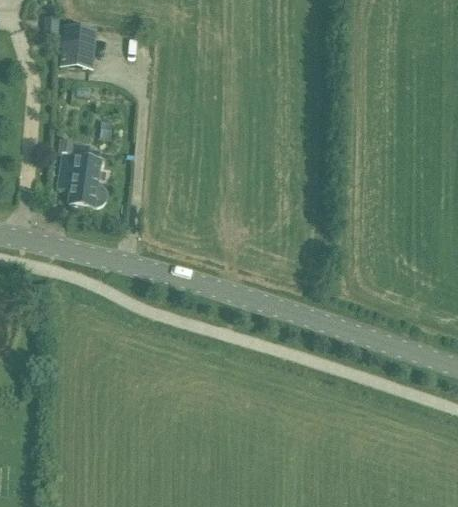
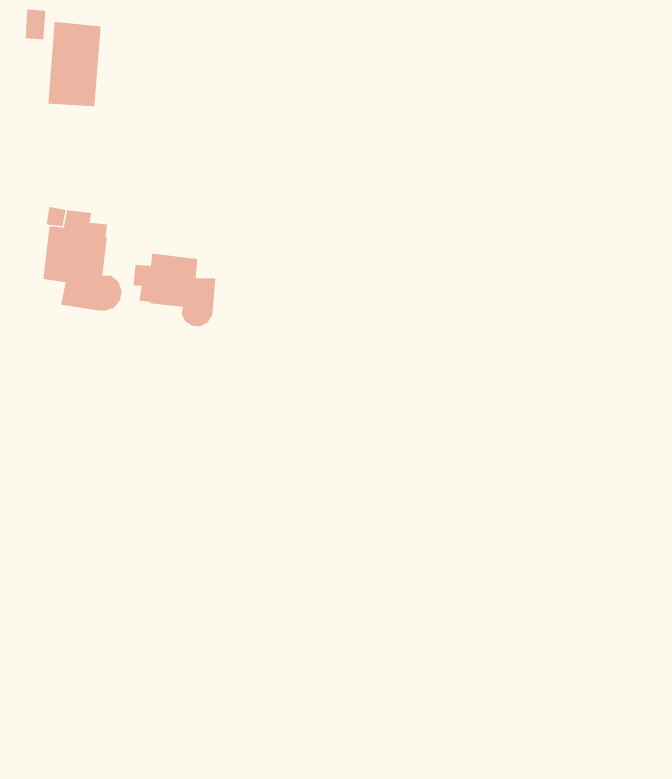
building: none -> [132,253,216,327]

